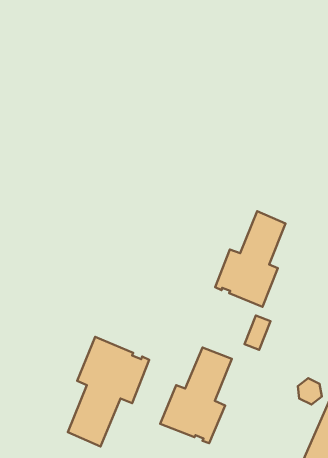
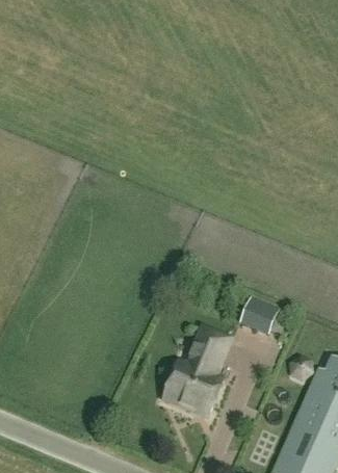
building: [215,211,285,307] -> none
building: [68,337,149,446] -> none

